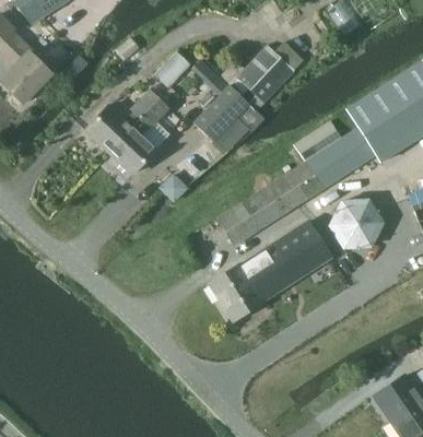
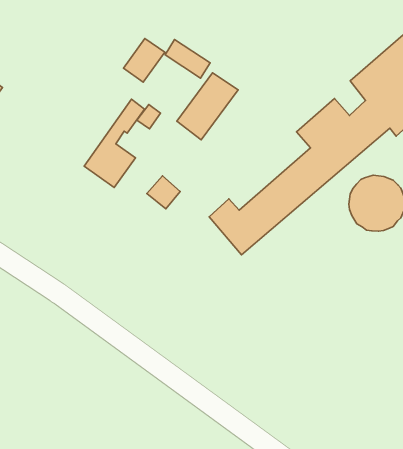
building: [231,45,303,114] -> none
building: [87,93,158,153] -> none
building: [210,223,331,322] -> none

